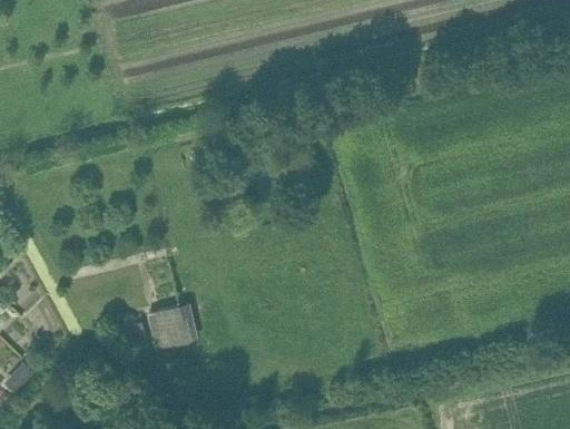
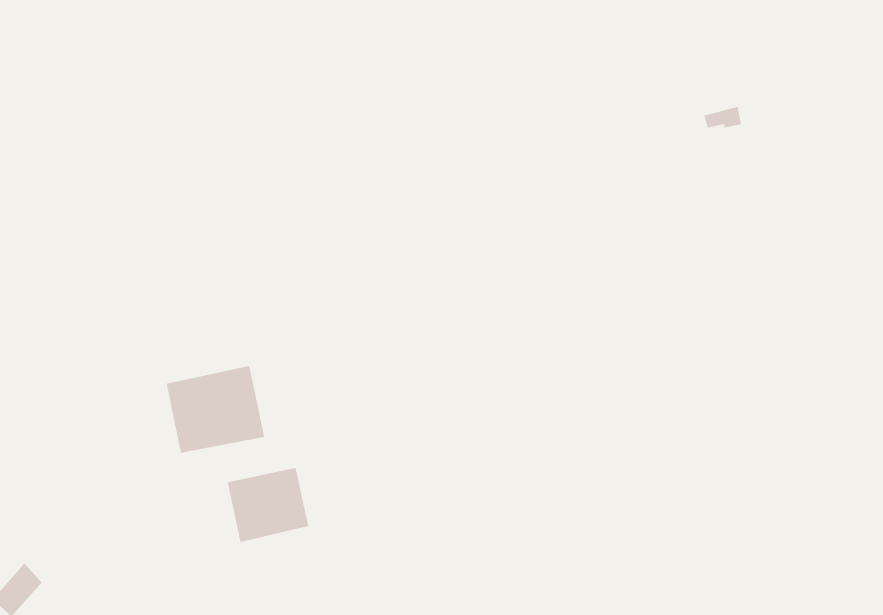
building: none -> [166,365,265,453]

